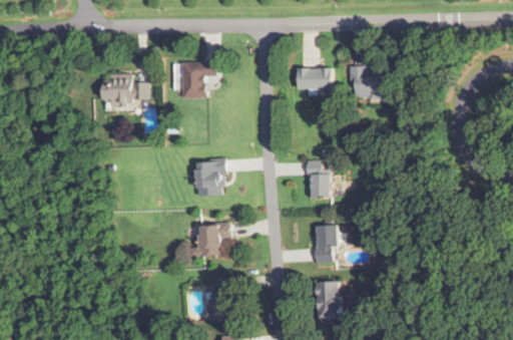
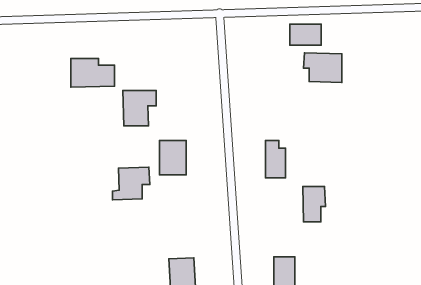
building: [179,61,214,98] -> [123,91,156,126]
building: [298,67,331,89] -> [290,24,321,45]
building: [189,223,228,257] -> [113,167,150,200]
building: [312,226,336,263] -> [303,187,326,222]

